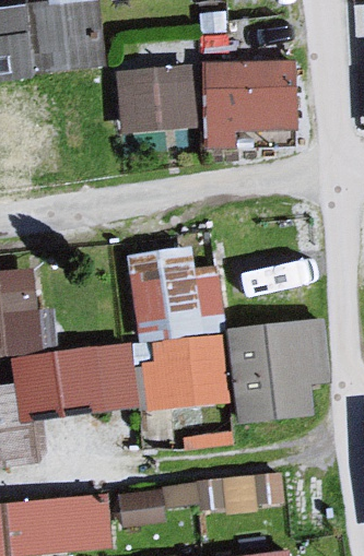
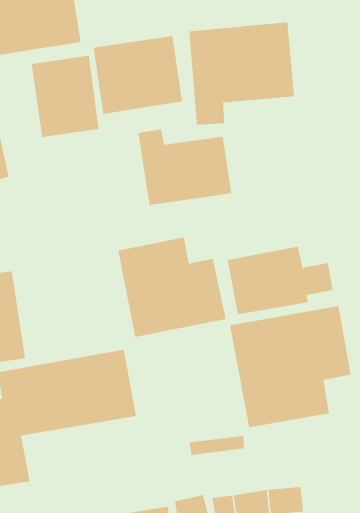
building: none -> [31,55,99,138]
building: none -> [138,128,232,206]
building: [140,335,225,409] -> none

